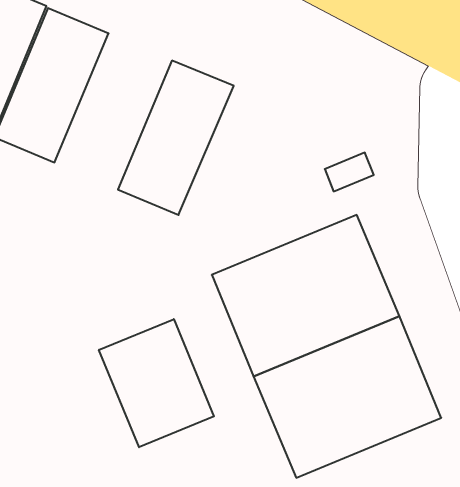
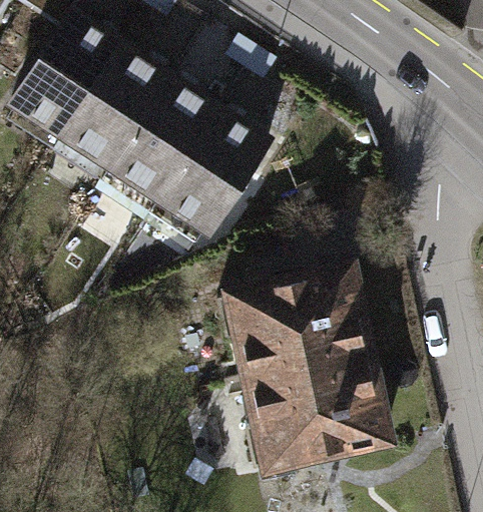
building: none -> [107,75,218,205]
building: [99,319,214,447] -> none

